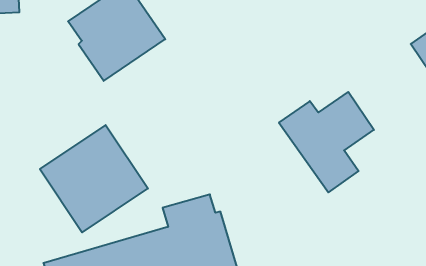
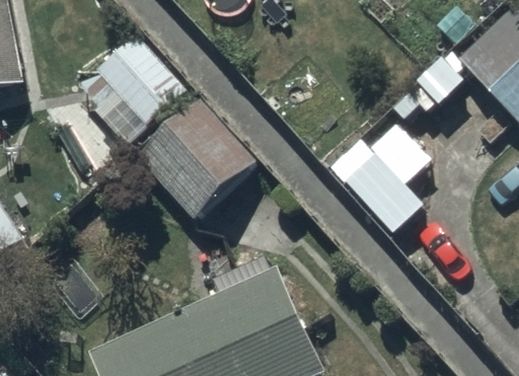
building: [40,125,148,232] -> [135,97,256,219]

